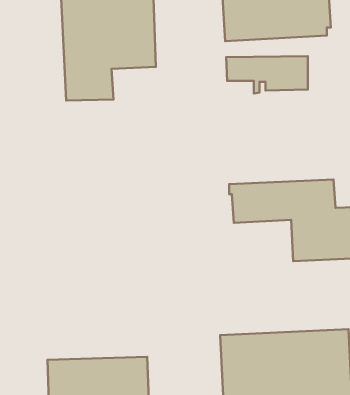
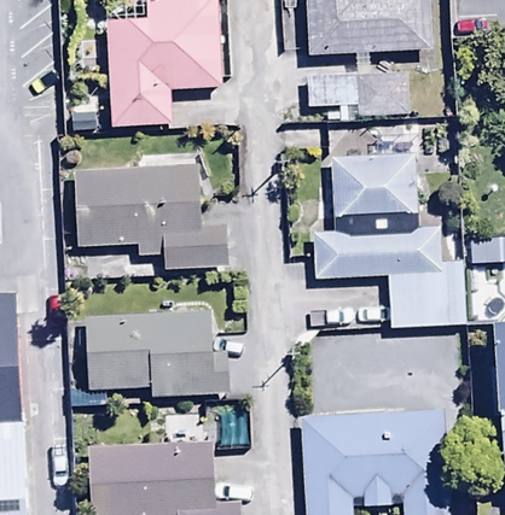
building: none -> [332,133,420,213]
building: none -> [74,157,225,268]
building: none -> [85,311,231,393]

